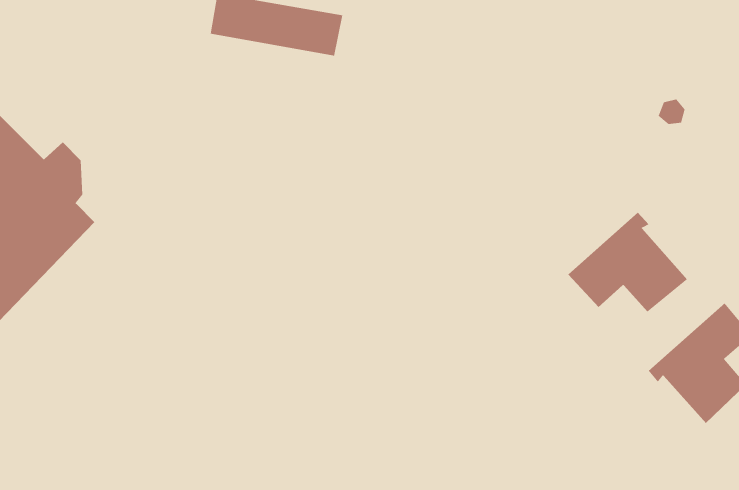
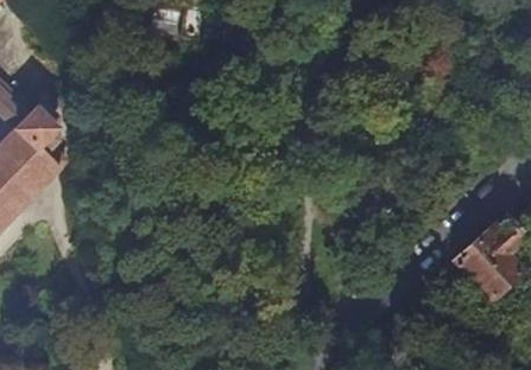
building: [567,212,688,312] -> none

